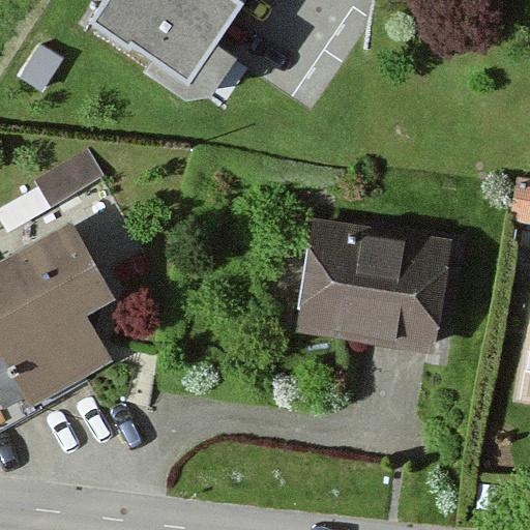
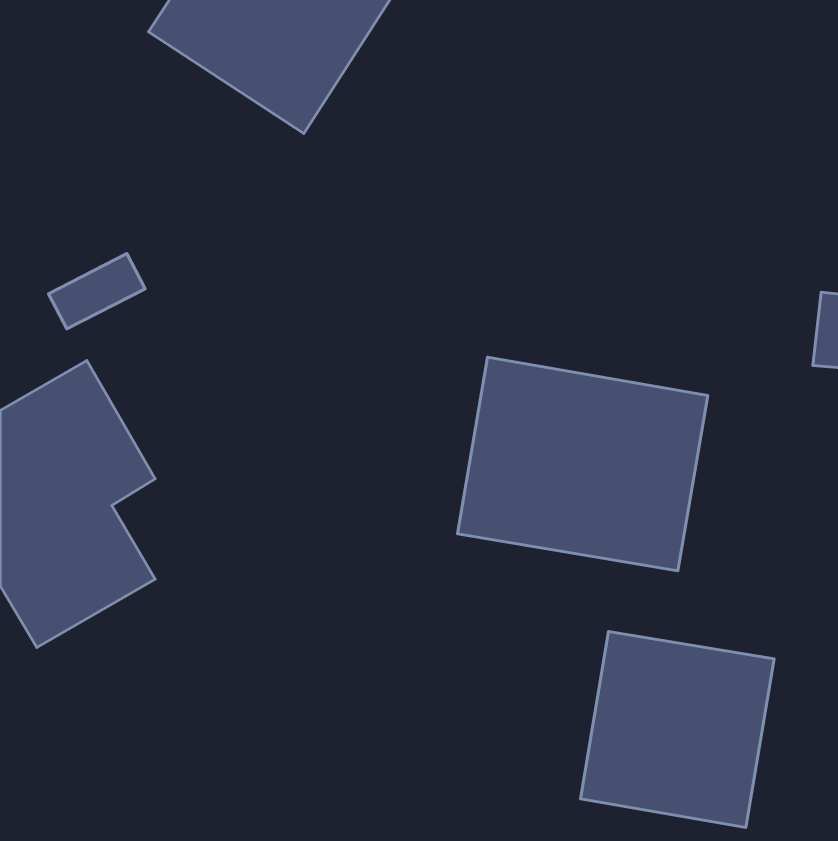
building: none -> [580,632,774,827]

